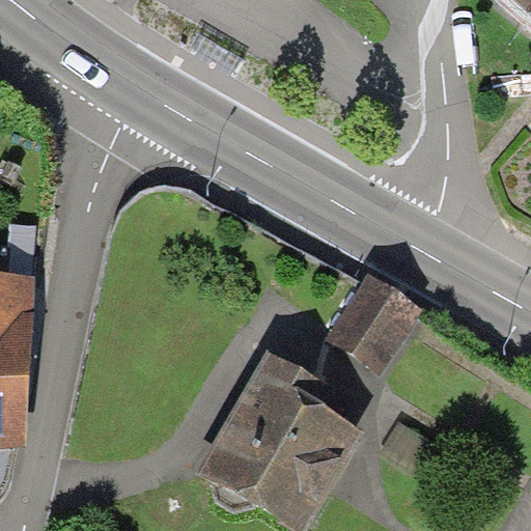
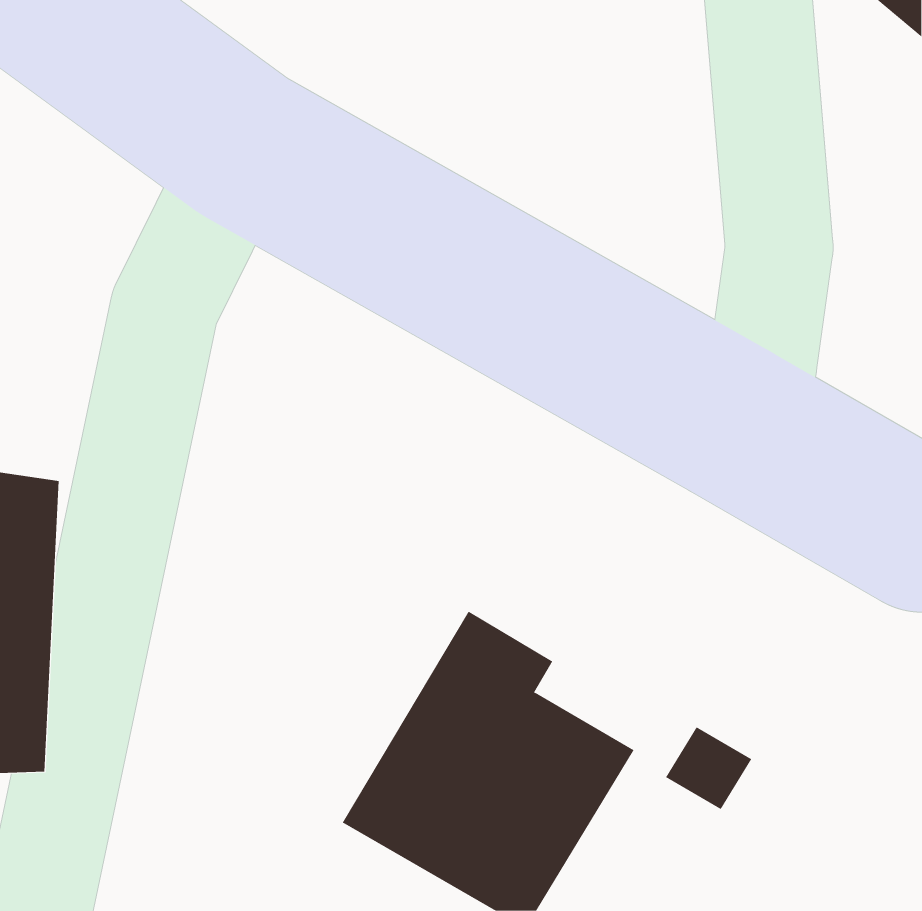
building: [324,270,420,369] -> none

